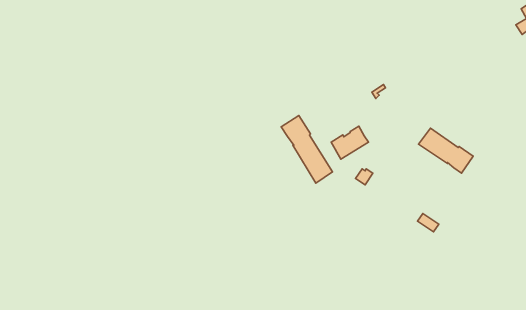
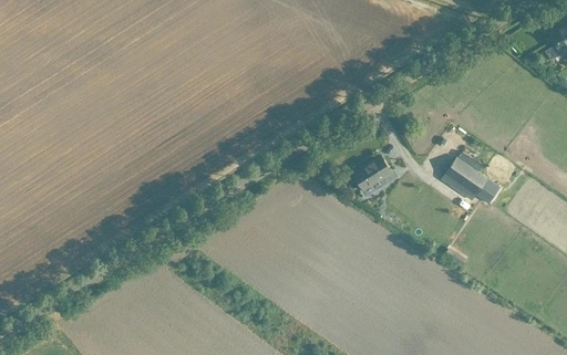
building: [281,116,332,183] -> none

